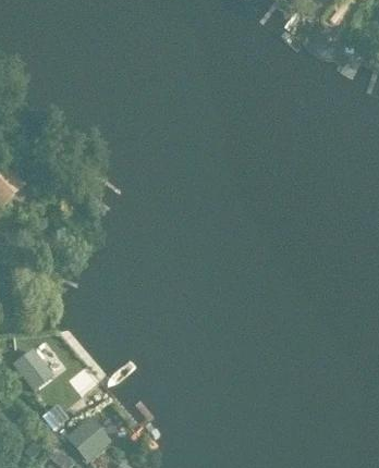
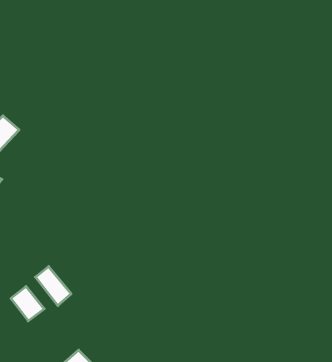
building: none -> [35,266,71,306]

